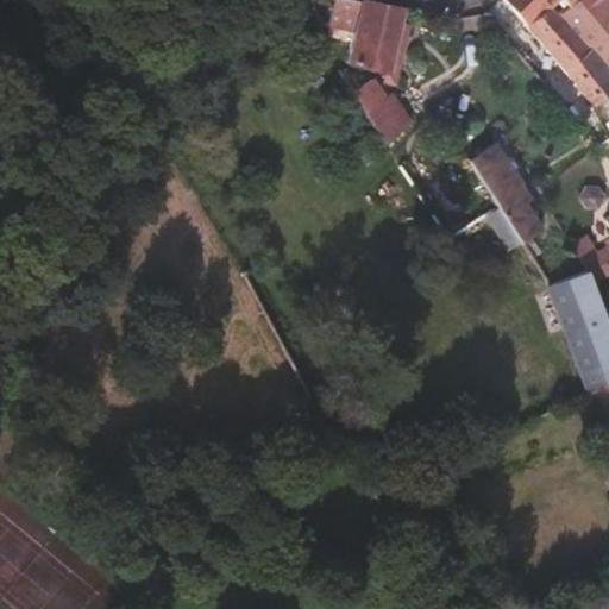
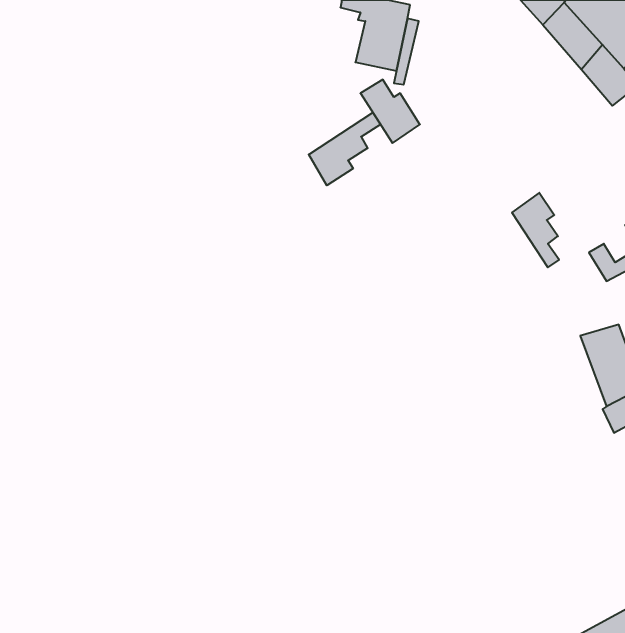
building: none -> [309,113,381,185]
building: [469,143,526,206] -> none
building: [551,274,602,324] -> none

